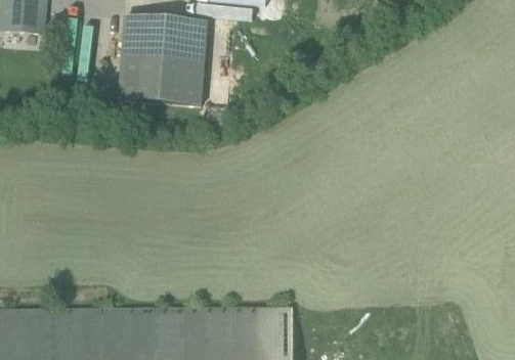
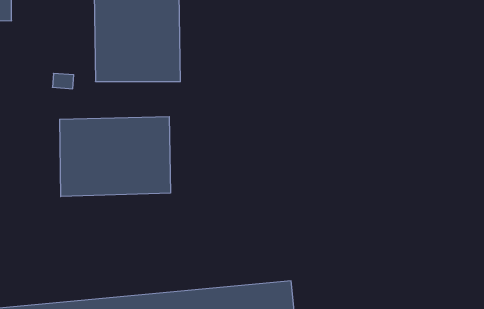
building: none -> [60,117,170,197]

